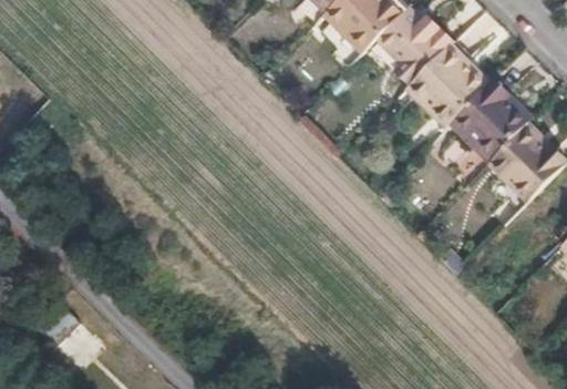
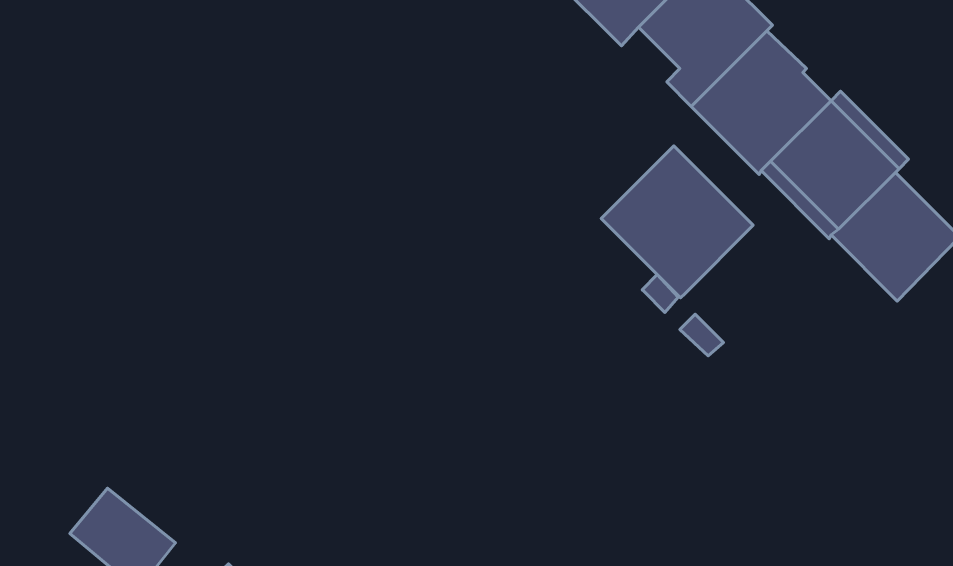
building: none -> [601,146,753,298]

